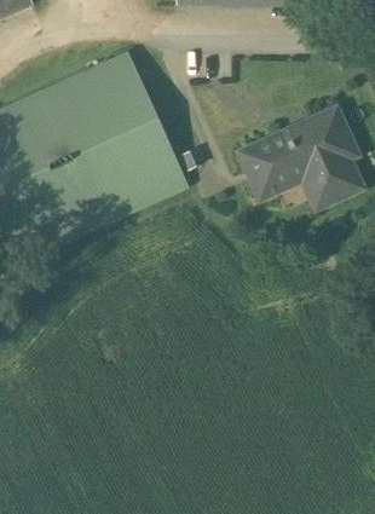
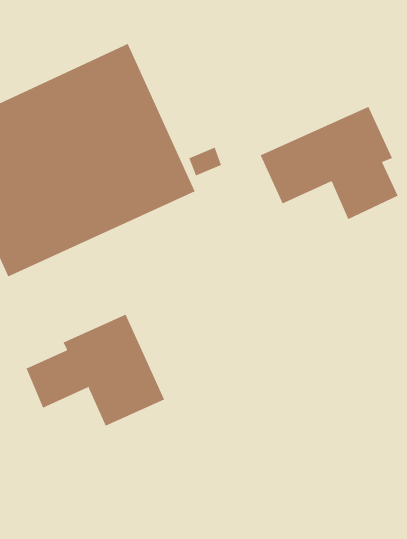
building: none -> [26,314,165,427]

